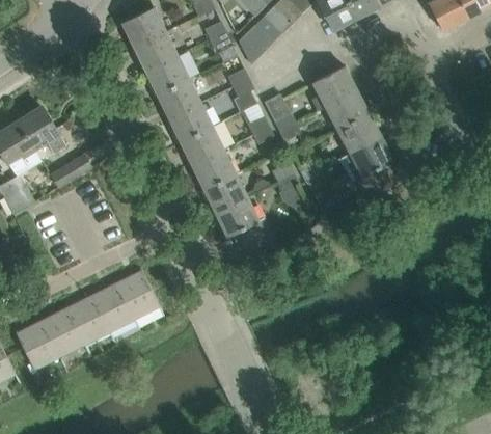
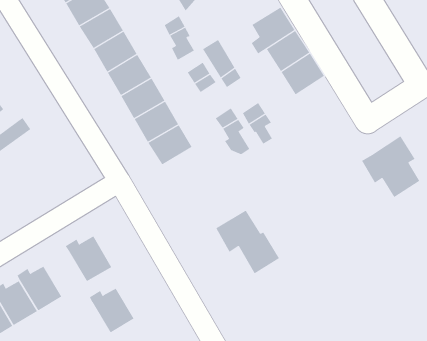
building: [340,137,397,197] -> [361,135,420,198]
building: [216,196,276,260] -> [216,210,280,274]
building: [91,289,134,332] -> [89,288,135,333]

